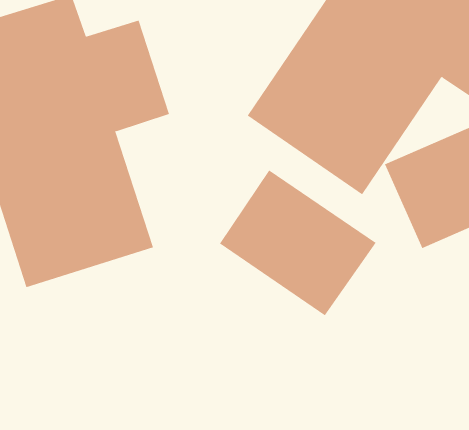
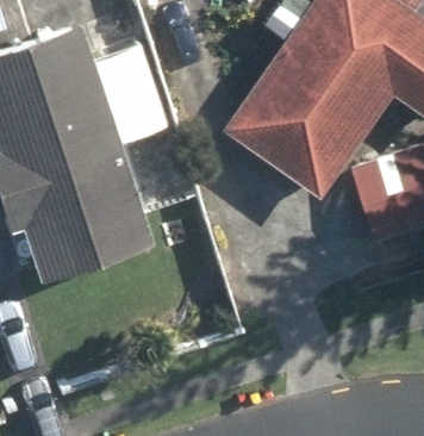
building: [219,170,377,316] -> none

